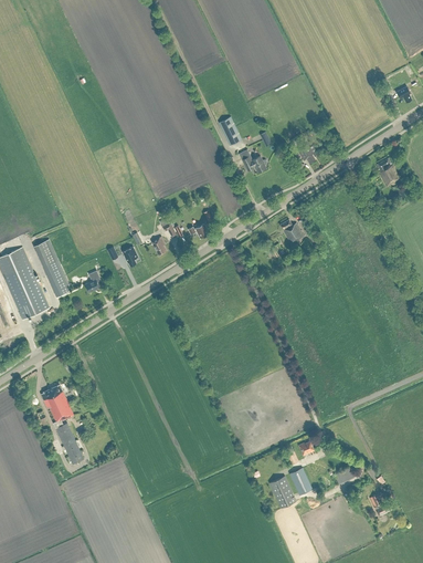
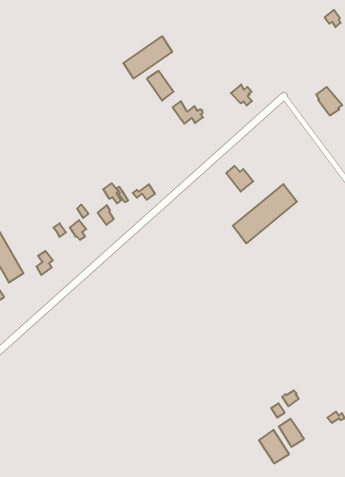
building: none -> [123,36,172,79]
building: none -> [233,184,297,243]
building: [40,385,83,465] -> none

